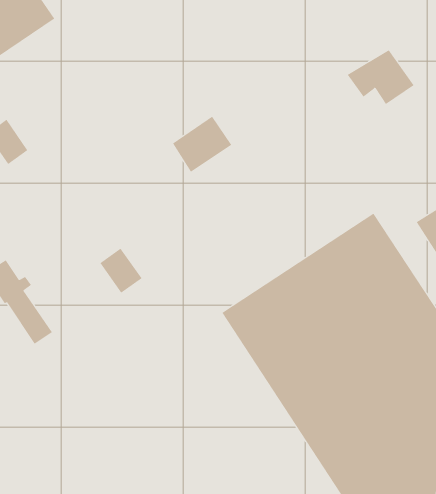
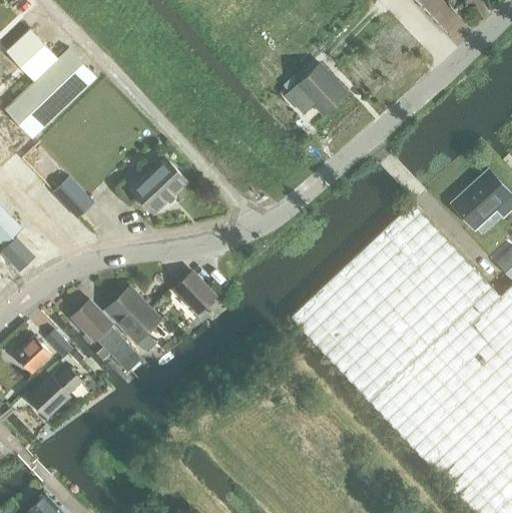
building: [347,50,414,105] -> [286,65,348,115]
building: [172,116,232,172] -> [132,158,186,212]
building: none -> [106,290,159,350]

